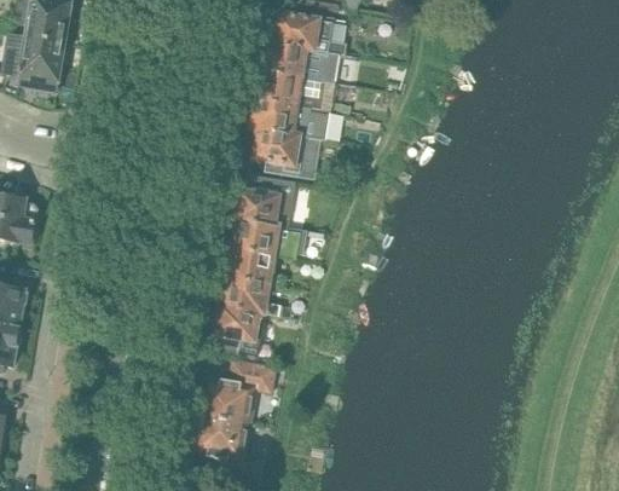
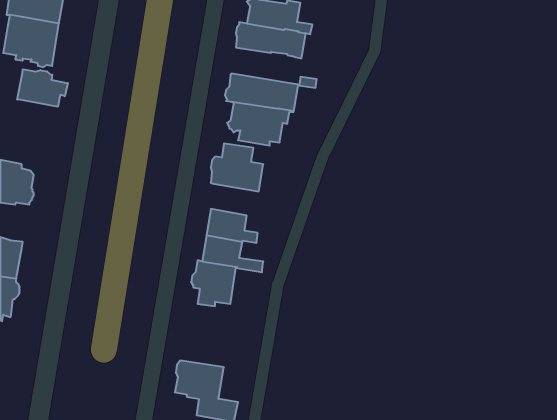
building: [256,68,328,108] -> none
building: none -> [17,69,68,107]
building: [233,219,300,258] -> none
building: [198,360,274,422] -> none

